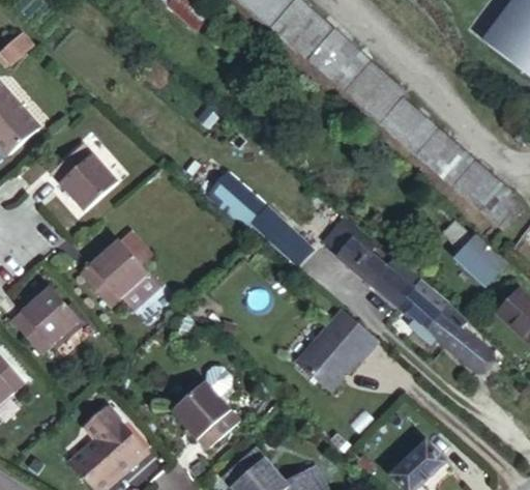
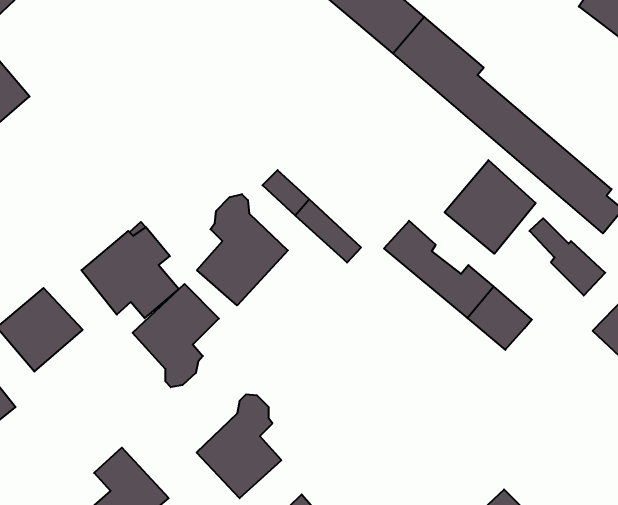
building: [54,143,116,205] -> none
building: none -> [445,160,536,254]
building: none -> [197,194,288,305]
building: none -> [133,284,219,387]
building: [425,312,485,368] -> none
building: [299,315,381,396] -> none

